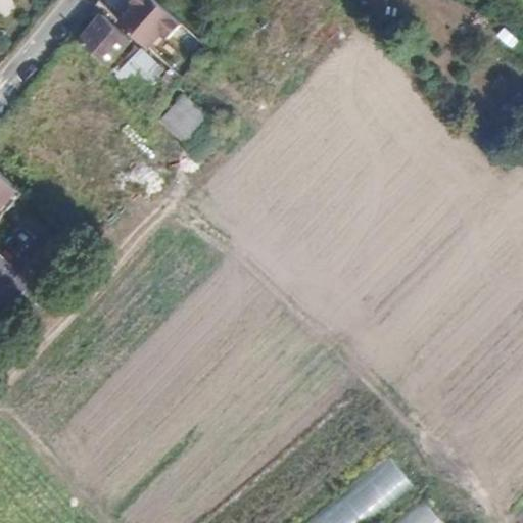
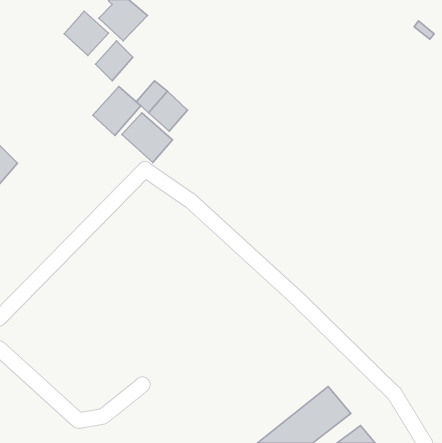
building: none -> [93,87,141,136]
building: none -> [122,113,172,162]

